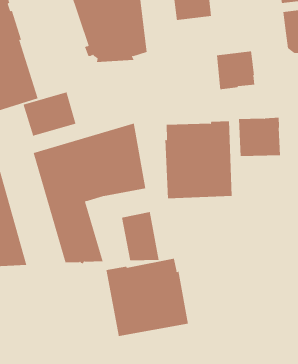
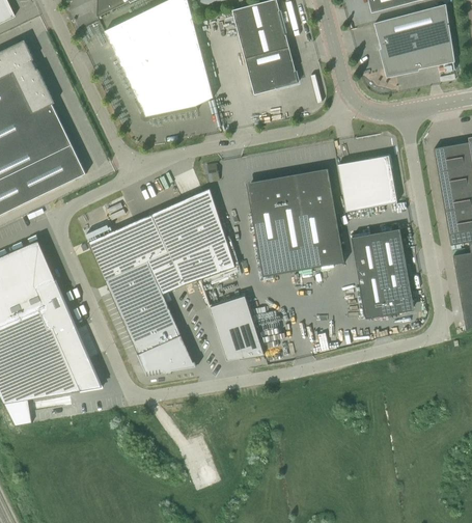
building: [216,51,255,90] -> [243,40,297,94]
building: [23,91,76,137] -> none
building: none -> [351,228,412,319]
building: [106,258,188,337] -> none

